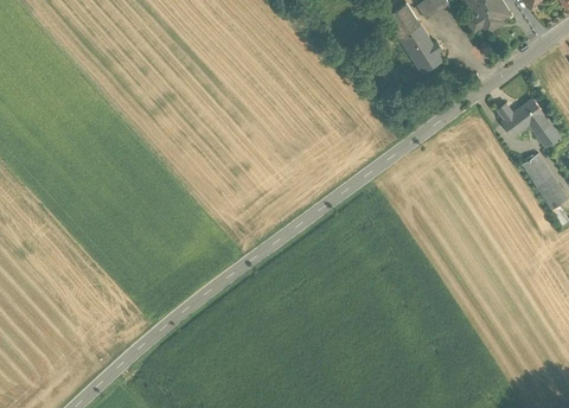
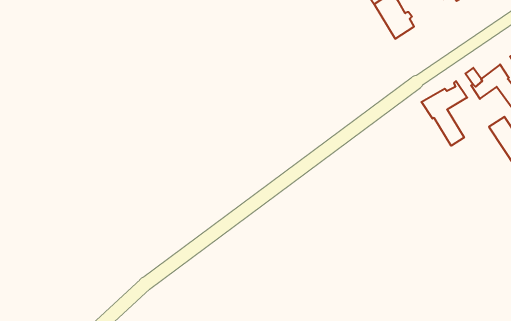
building: none -> [421,81,467,146]

